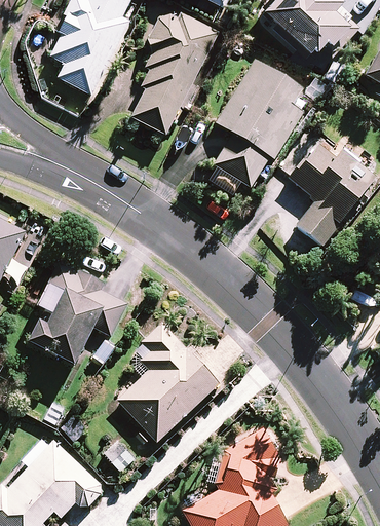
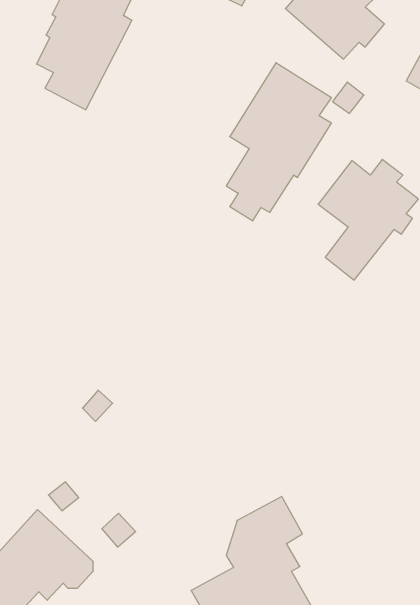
building: [131,16,219,139] -> none
building: [26,262,126,365] -> none
building: [113,324,218,442] -> none

